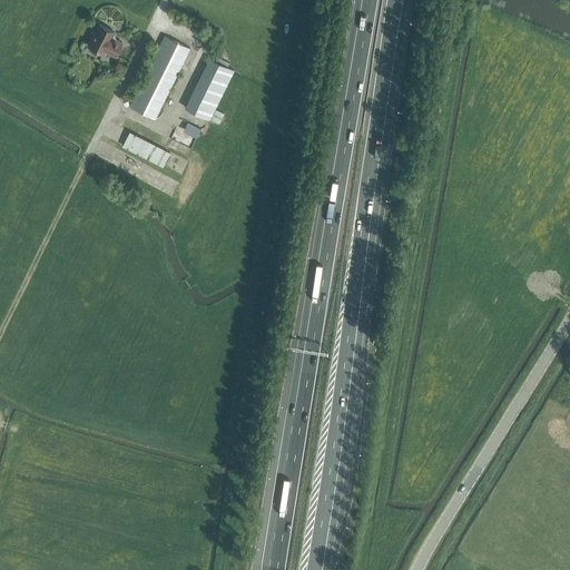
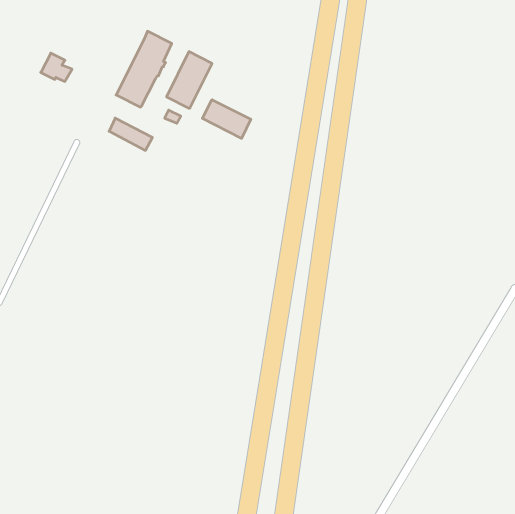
building: [86,26,120,57] -> [41,53,72,81]
building: none -> [202,100,251,138]

